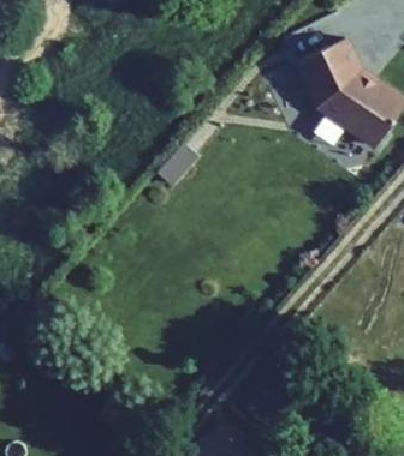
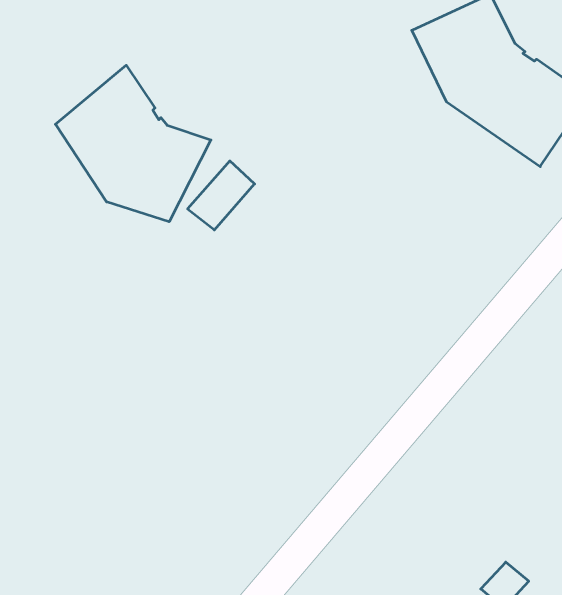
building: none -> [55,65,211,222]

